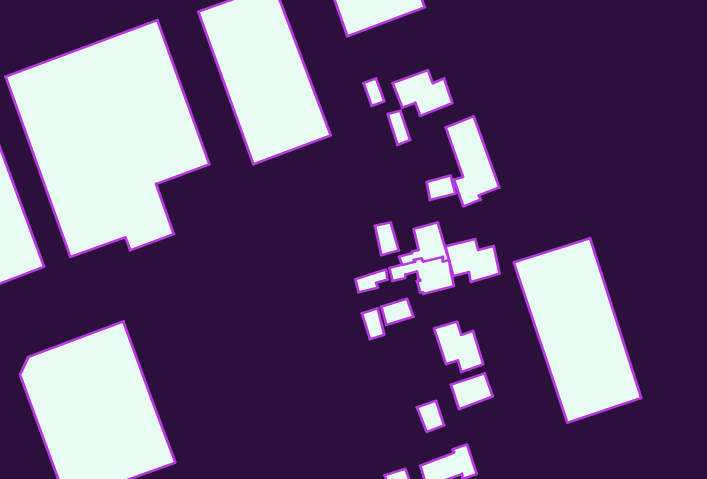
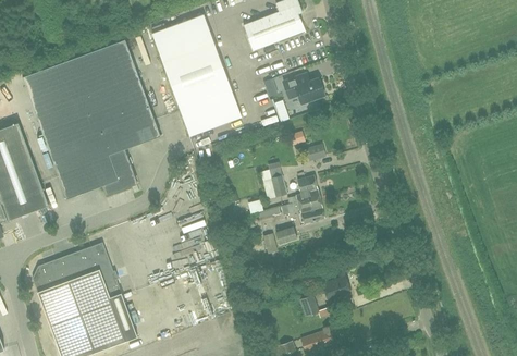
building: [446,116,499,206] -> none
building: [514,238,641,423] -> none
building: [446,239,500,282] -> none
building: [434,322,483,372] -> none

